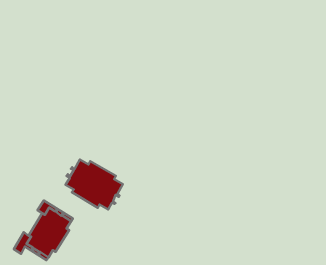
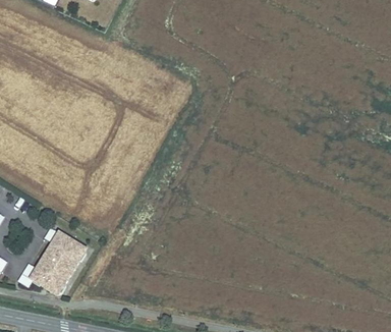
building: [65,160,123,209] -> none

